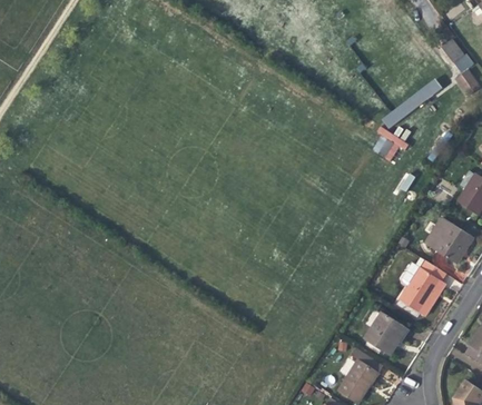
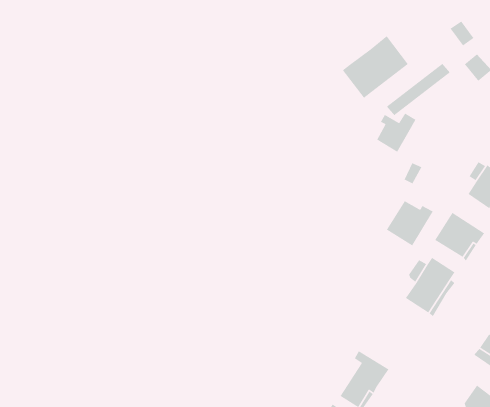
building: none -> [342,35,409,99]
building: none -> [386,200,434,247]
building: [364,312,404,356] -> none

